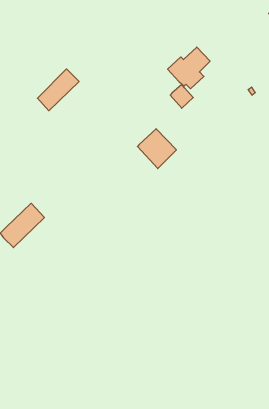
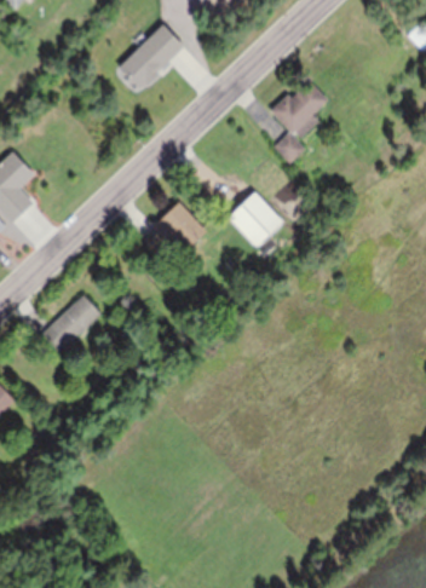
building: [37,69,79,111] -> [121,29,178,86]
building: none -> [143,202,207,255]

